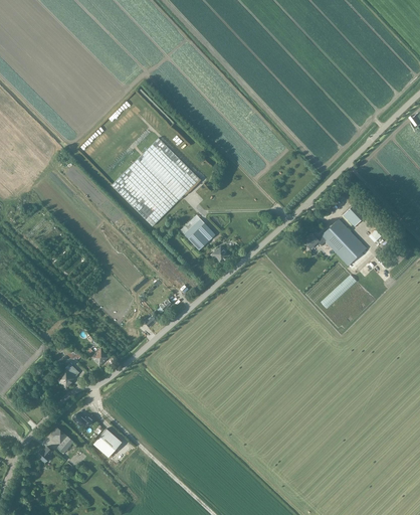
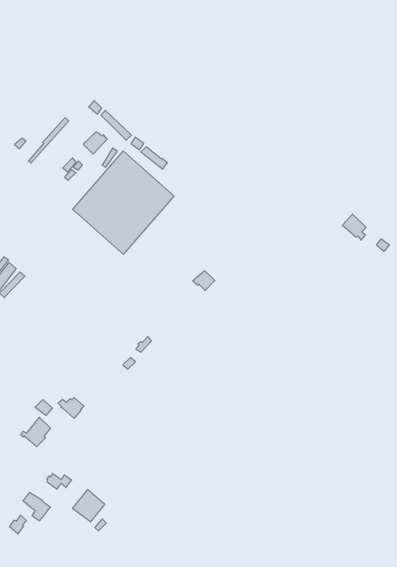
building: [181,215,216,250] -> none
building: [306,219,368,266] -> none

